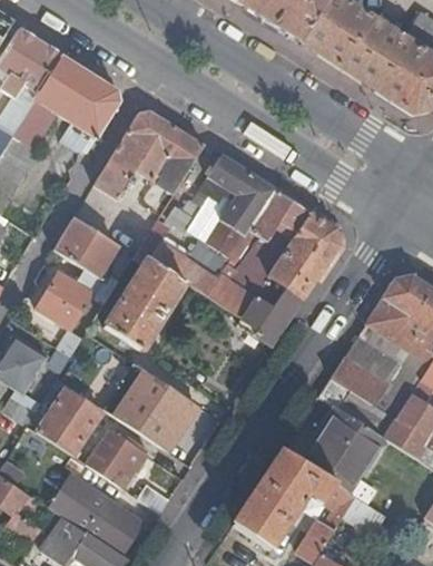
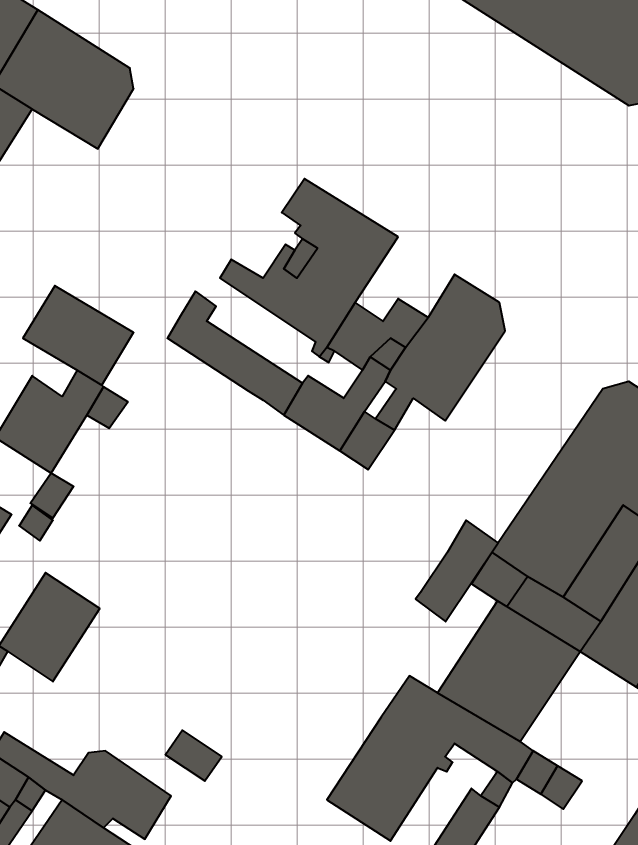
building: [89,110,204,208] -> none
building: [250,191,309,241] -> none
building: [107,251,187,351] -> none
building: [255,286,304,347] -> [416,520,498,622]
building: [105,363,195,449] -> none
building: [83,435,144,485] -> none

